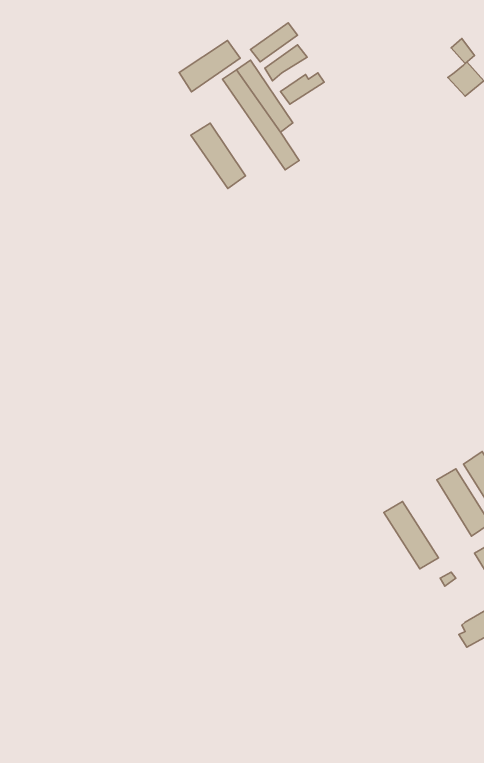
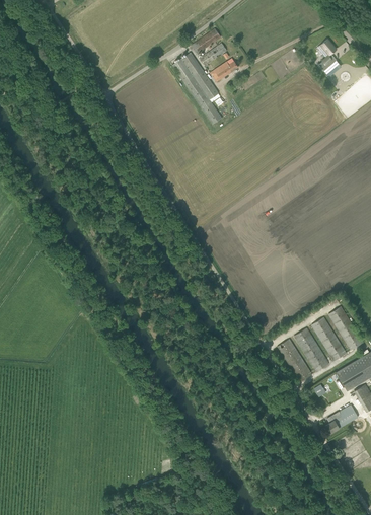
building: [179,40,240,92] -> none
building: [191,123,246,189] -> none
building: none -> [294,327,328,371]

